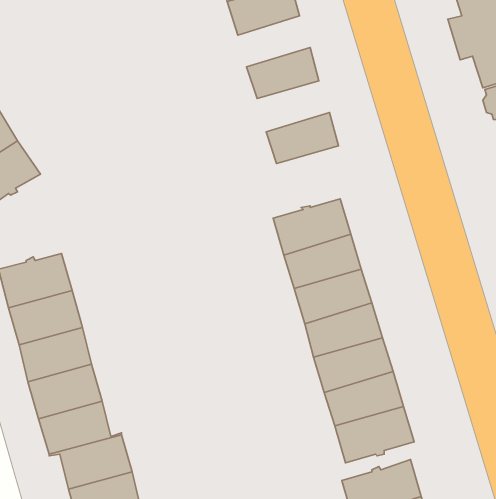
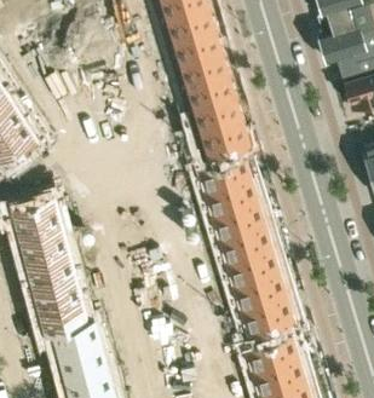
building: none -> [173,30,223,65]
building: none -> [186,75,236,110]
building: none -> [200,120,249,156]

